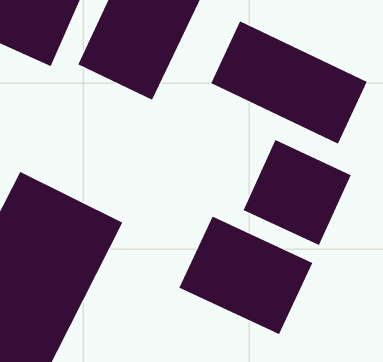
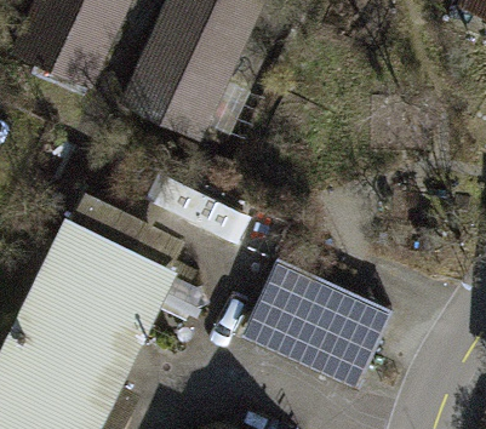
building: [210,20,368,145] -> none
building: [243,139,351,246] -> none

